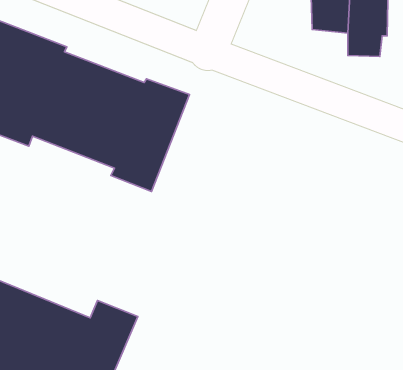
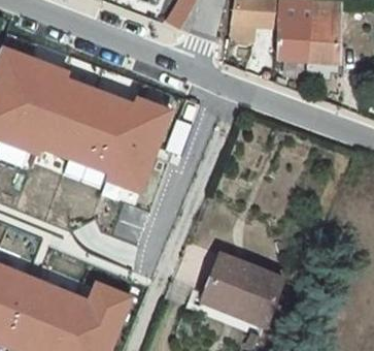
building: none -> [200,253,283,332]

